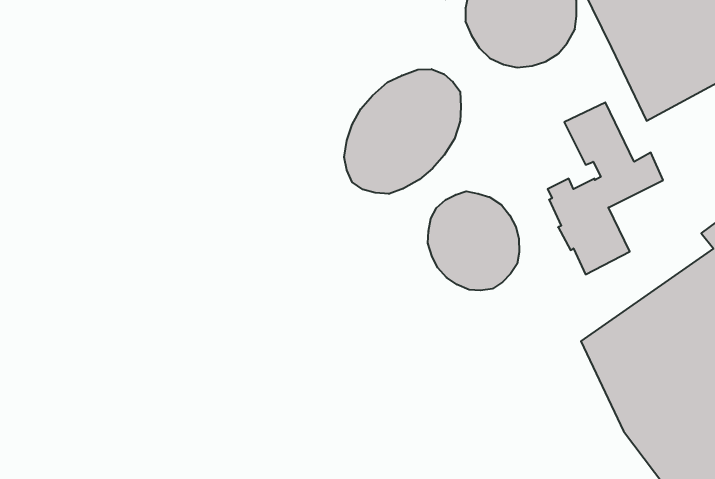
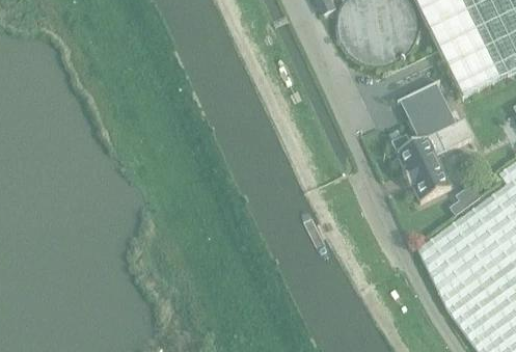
building: [344,69,461,194] -> none
building: [428,191,519,290] -> none

